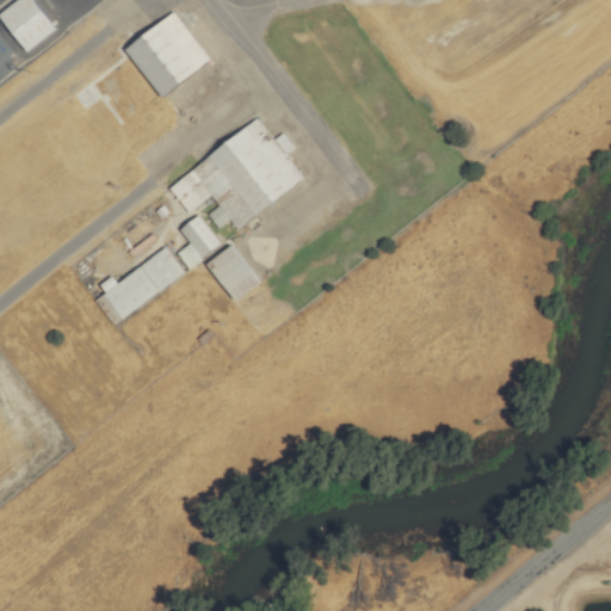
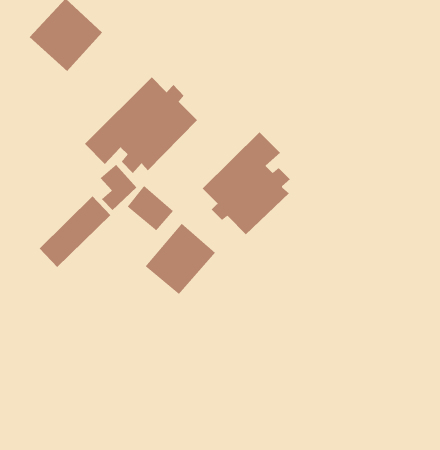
building: none -> [202,132,291,235]
building: none -> [145,223,216,295]

